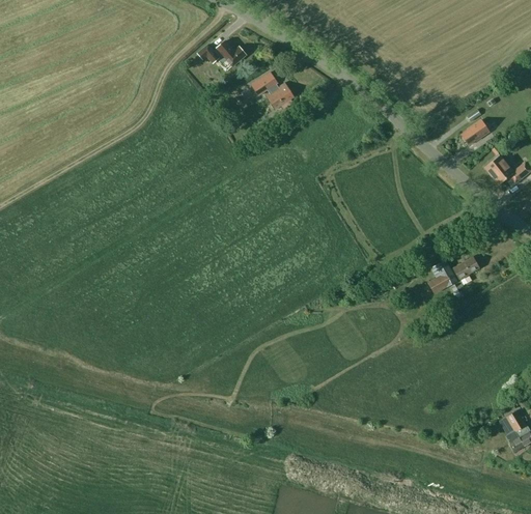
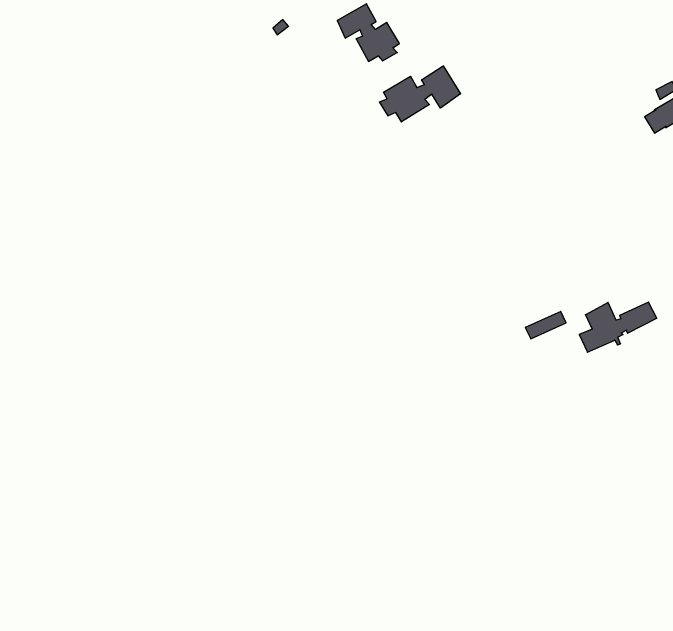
building: none -> [379,66,461,122]

